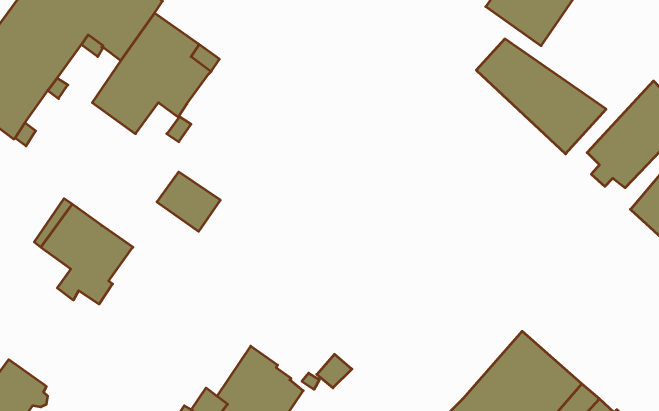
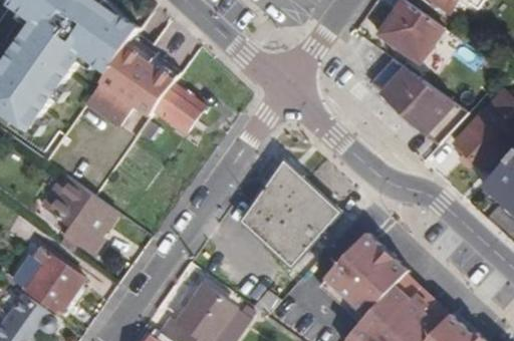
building: [157,172,220,231] -> [156,83,203,127]
building: none -> [239,159,350,277]
building: none -> [319,233,408,324]
building: none -> [25,250,82,313]

